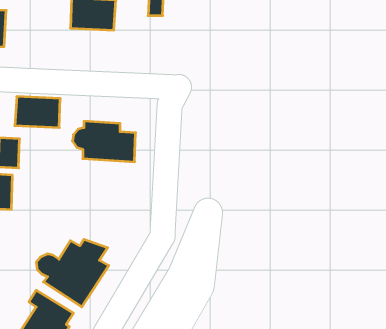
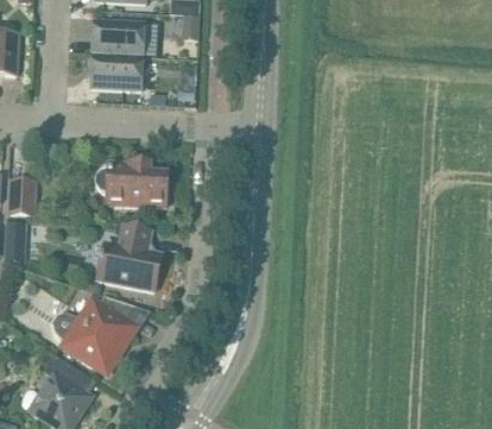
building: [15,97,60,128] -> [89,53,141,89]
building: none -> [97,223,160,290]

